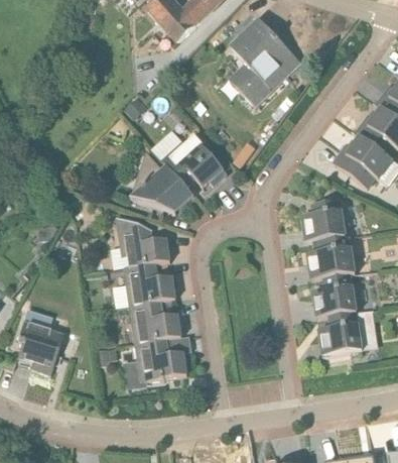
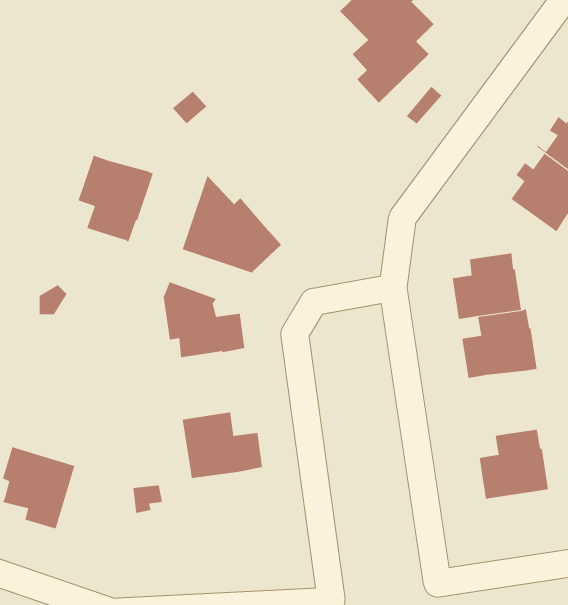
building: [162,136,227,187] -> none
building: none -> [78,155,154,243]
building: [124,262,175,306] -> none
building: [313,274,357,318] -> none
building: [136,339,187,381] -> none

